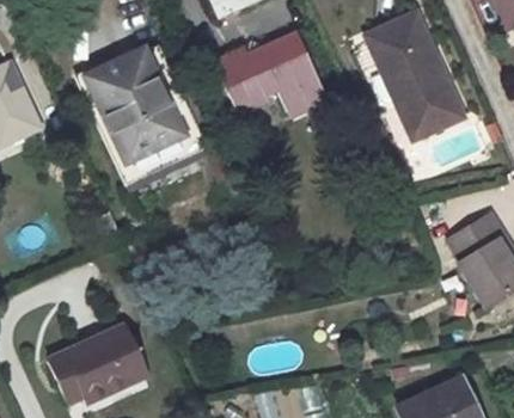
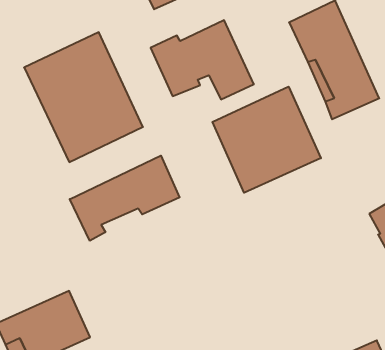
building: none -> [212,87,321,193]
building: none -> [70,156,180,241]

